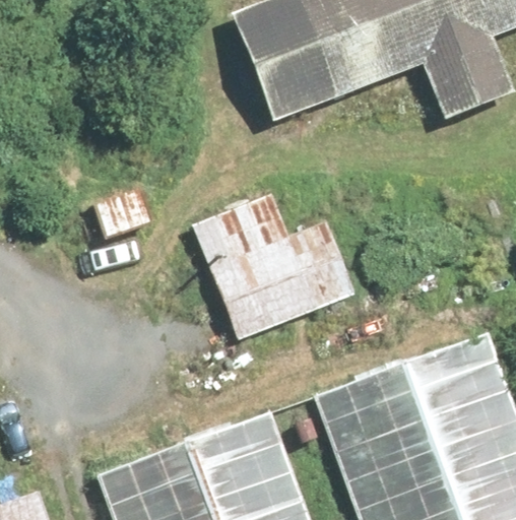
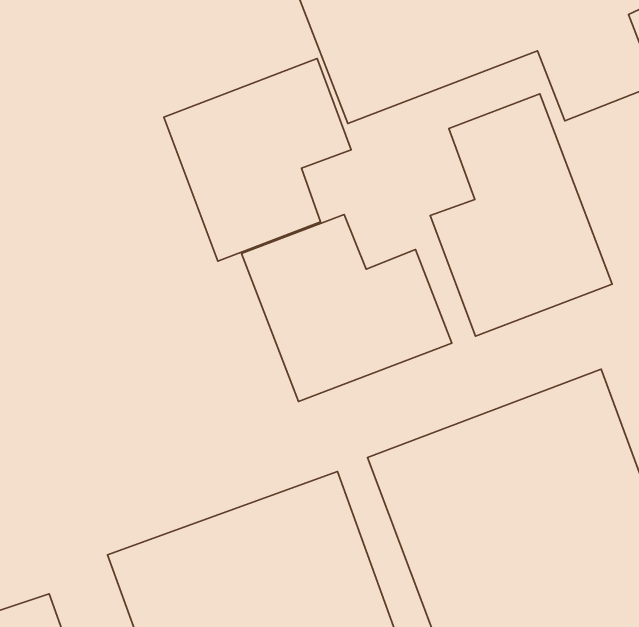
building: none -> [164,59,351,261]
building: none -> [430,94,612,336]

